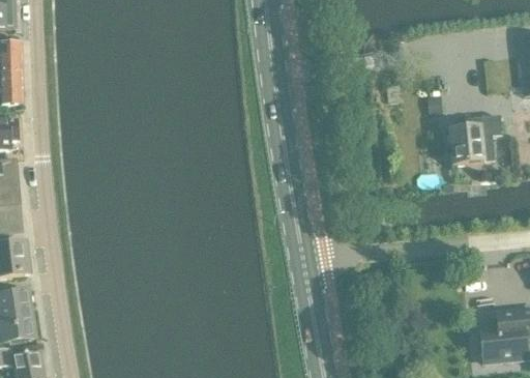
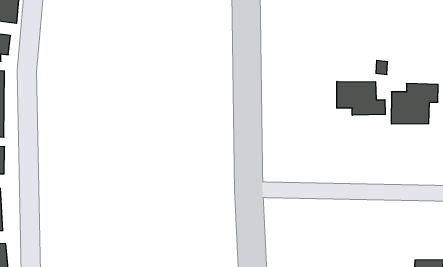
building: none -> [337,81,385,115]

